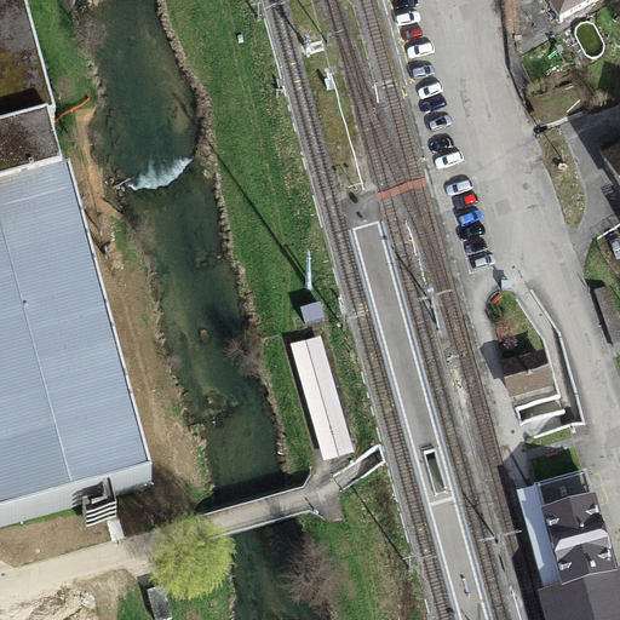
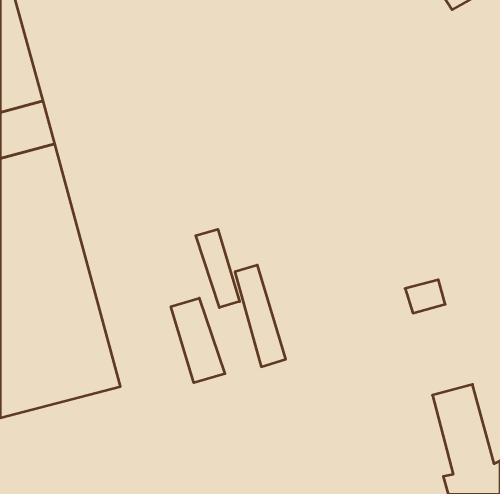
building: none -> [196,229,240,308]
building: none -> [171,298,225,383]

